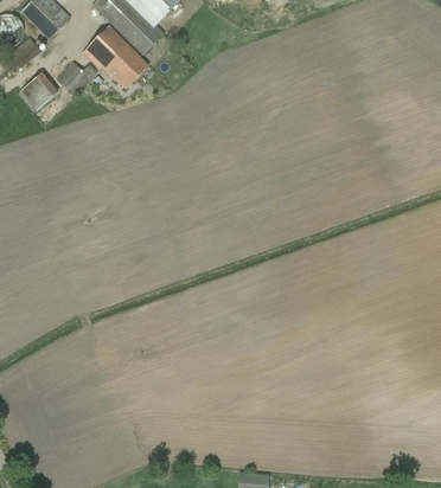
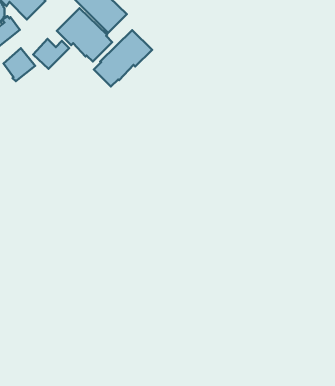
building: none -> [94,30,152,87]

